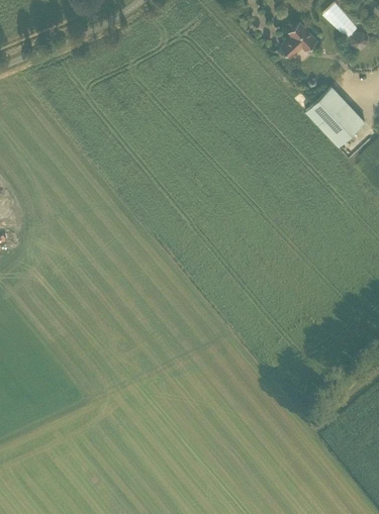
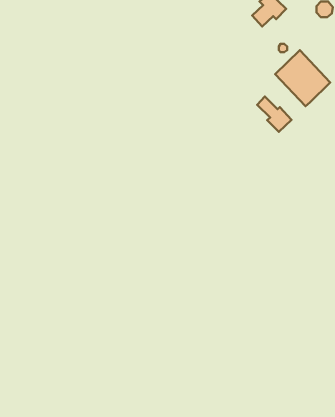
building: none -> [257,96,292,132]

